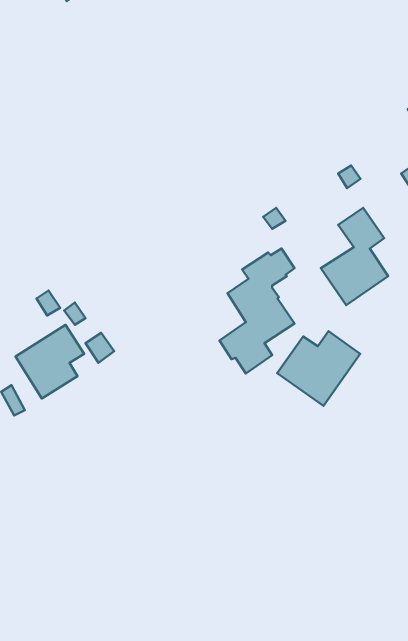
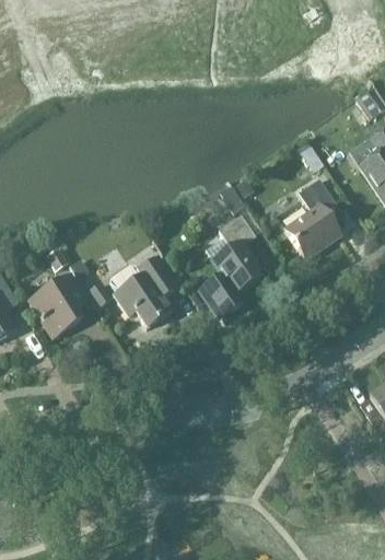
building: none -> [110,254,176,325]
building: [277,331,360,406] -> none

